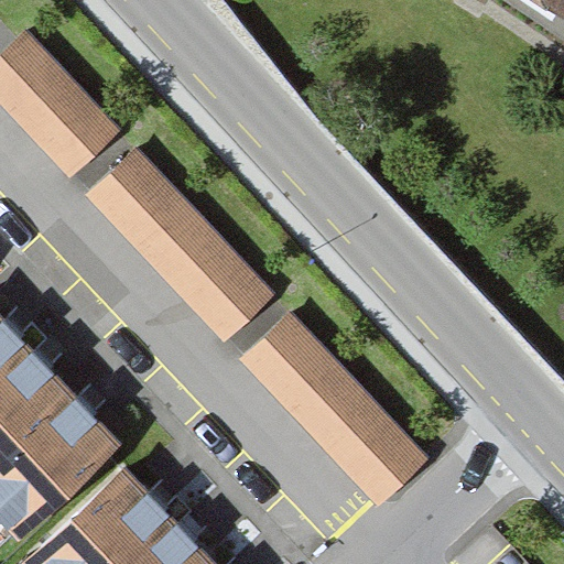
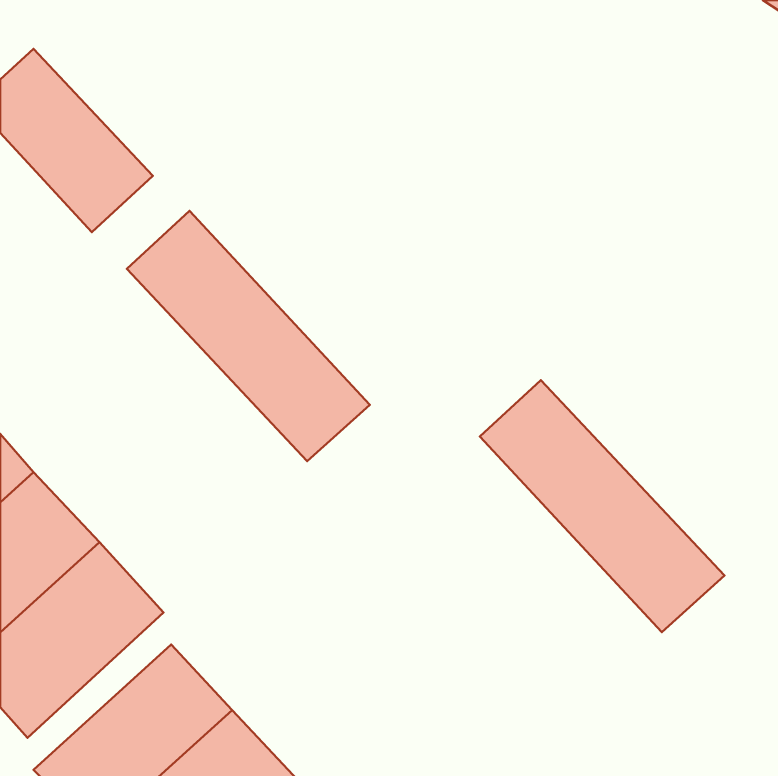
building: [245,318,421,500] -> [480,380,724,632]

